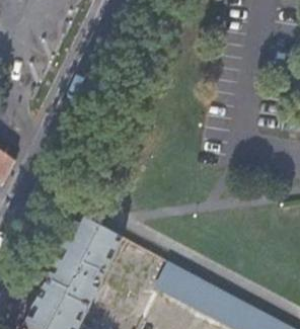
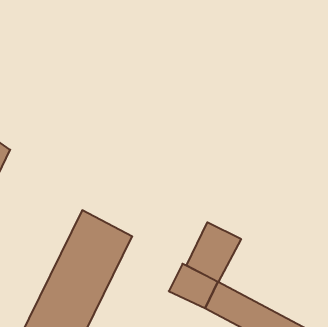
building: none -> [186,222,241,282]

